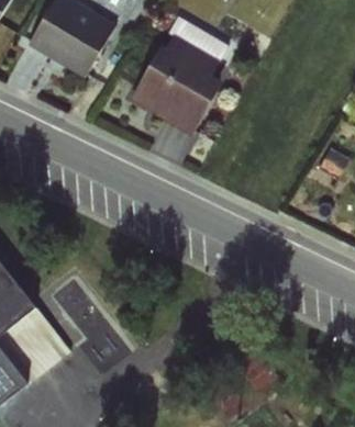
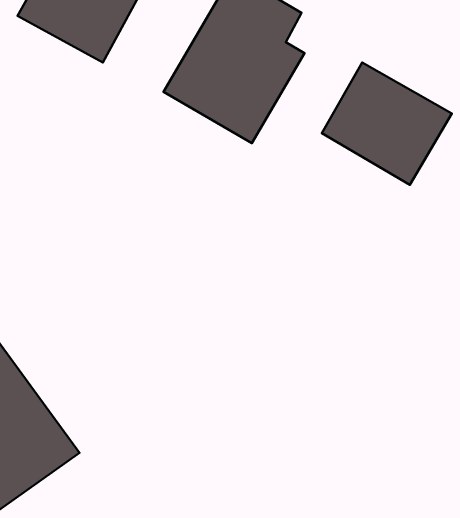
building: none -> [322,62,452,185]

